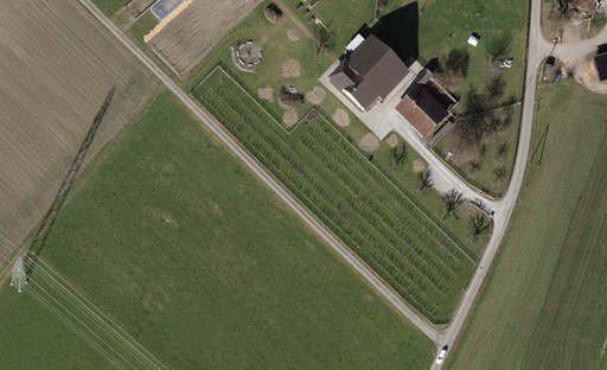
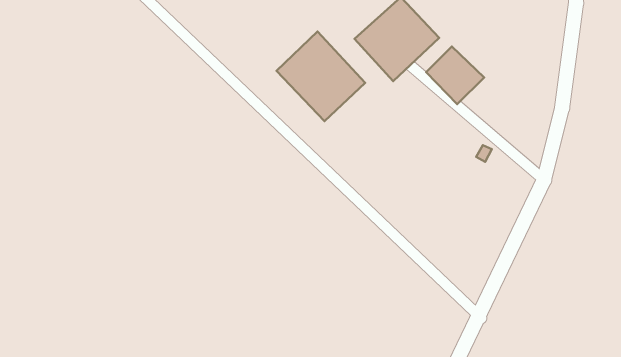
building: none -> [277,31,365,121]

